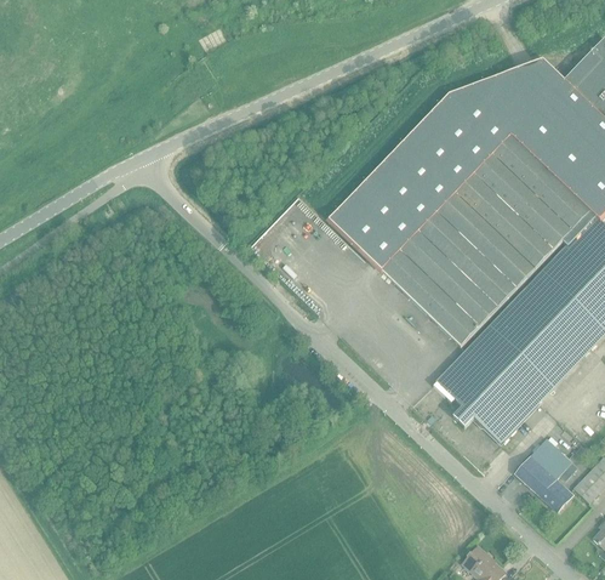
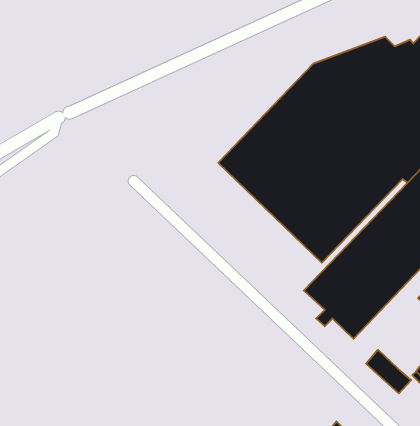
building: [529,437,571,478] -> none

